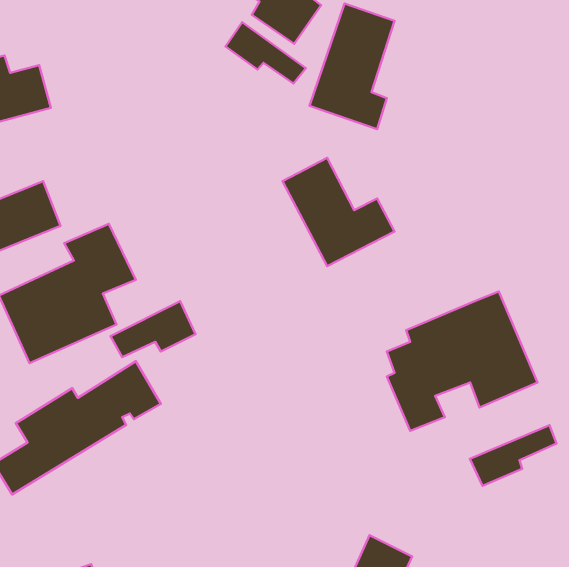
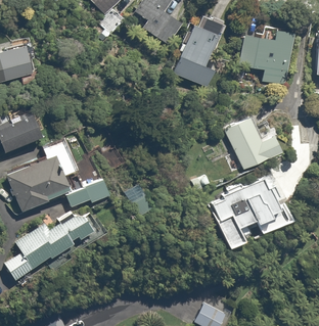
building: [226,22,306,84] -> none
building: none -> [243,31,294,87]
building: [283,158,395,266] -> [223,113,282,171]
building: [470,425,556,486] -> none

